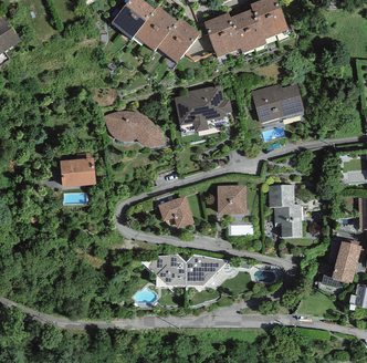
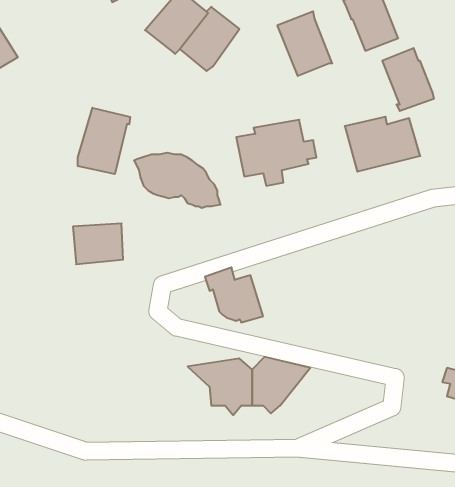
building: [230,6,266,50] -> [382,48,434,111]
building: [158,17,200,63] -> none
building: none -> [78,108,130,174]
building: [268,184,301,236] -> none
building: [217,185,247,215] -> none

